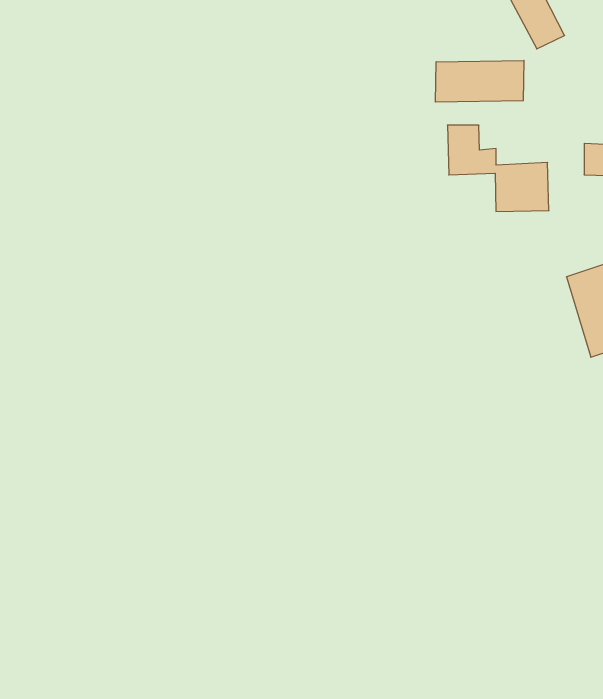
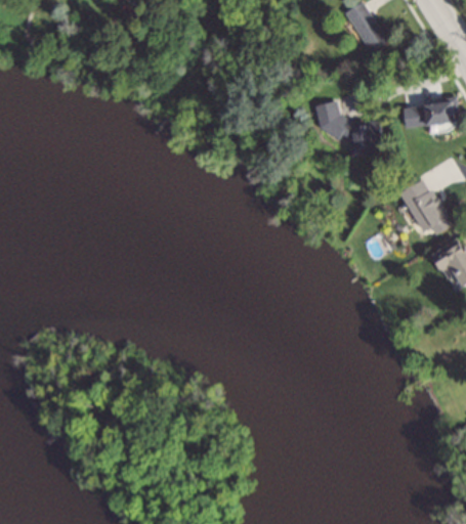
building: [436,60,524,102] -> none

